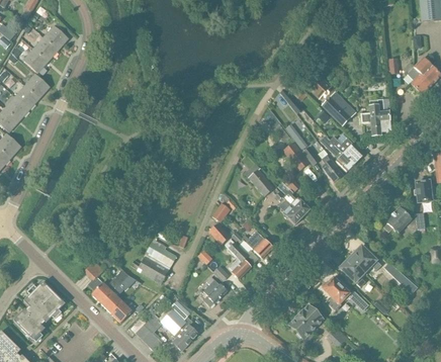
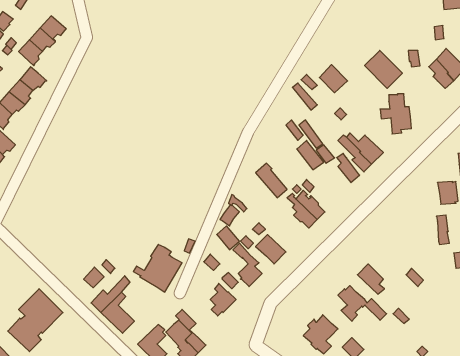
building: [321,91,356,126] -> [365,50,402,88]
building: [382,207,416,237] -> none
building: [350,246,381,272] -> none

